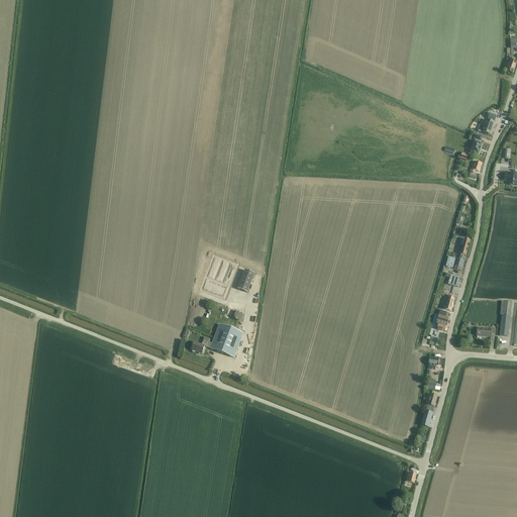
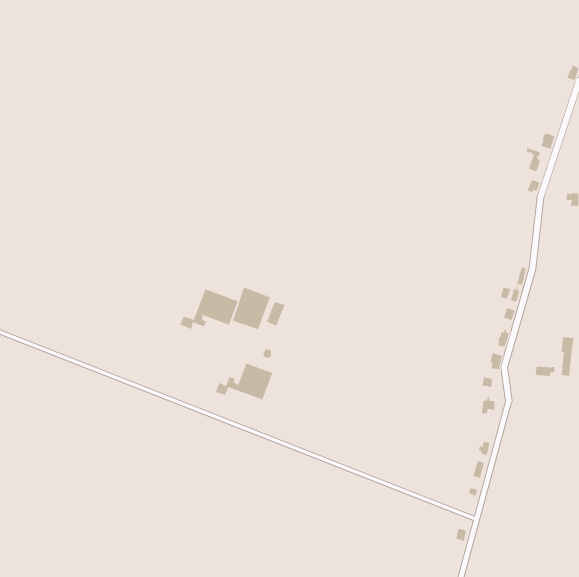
building: none -> [179,288,238,330]

